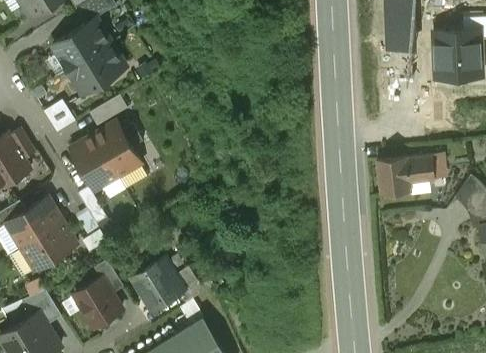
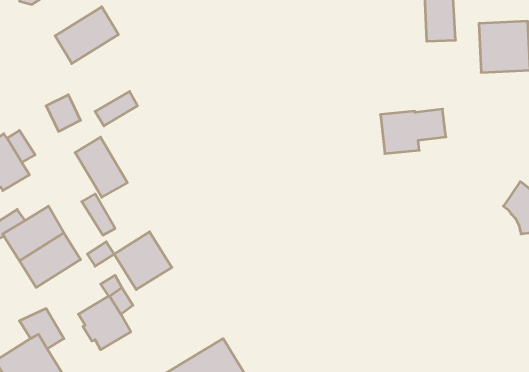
building: [68,45,125,95] -> none
building: [94,124,141,178] -> none
building: [376,156,435,196] -> [380,109,446,154]
building: [132,259,184,311] -> [114,232,172,290]

